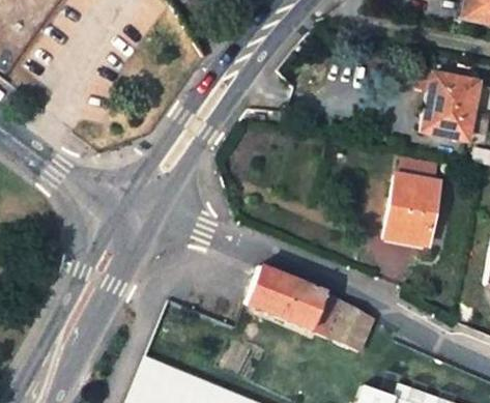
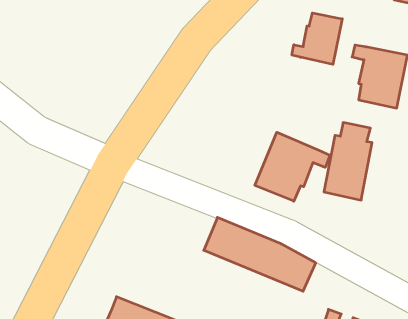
building: none -> [292,13,342,64]
building: none -> [255,132,330,201]

